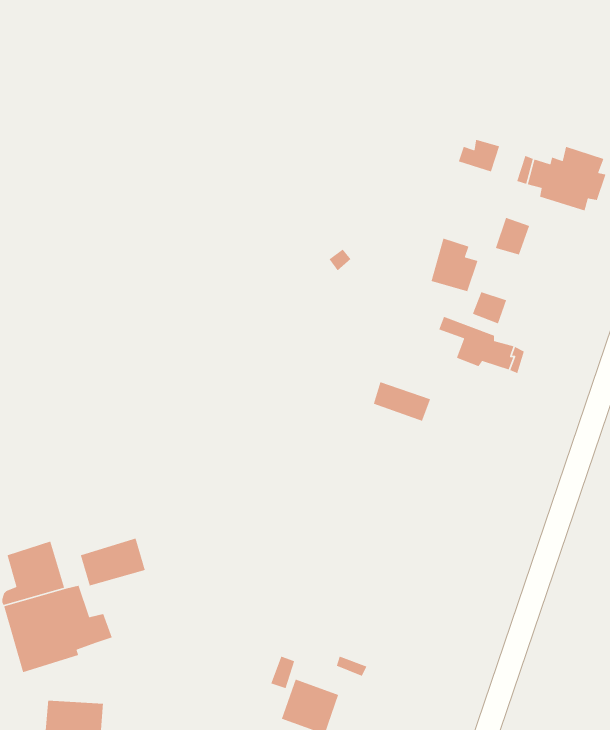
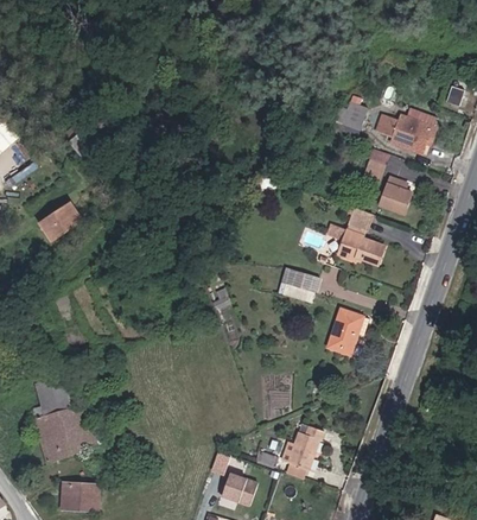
building: [431,237,478,292] -> [381,177,413,214]
building: none -> [38,213,74,243]
building: none -> [325,309,363,359]
building: [80,538,146,587] -> none
building: none -> [286,426,322,471]

